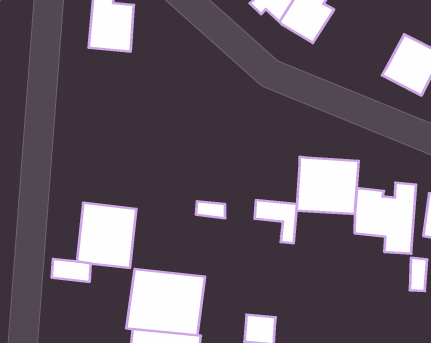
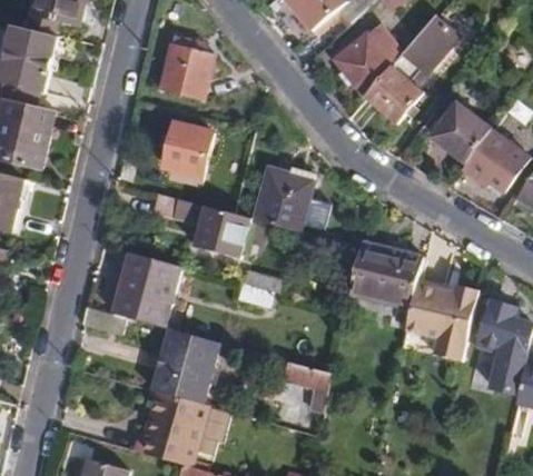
building: none -> [432,103,491,162]
building: none -> [164,122,213,197]
building: none -> [255,167,312,230]
building: none -> [150,192,248,256]
building: [255,200,297,243] -> [284,361,330,413]

